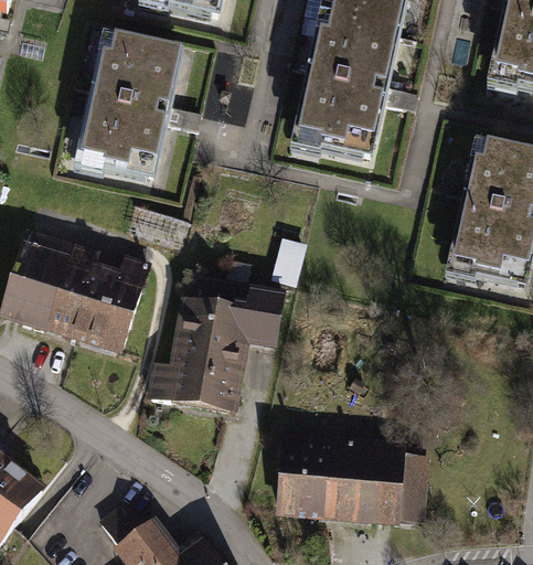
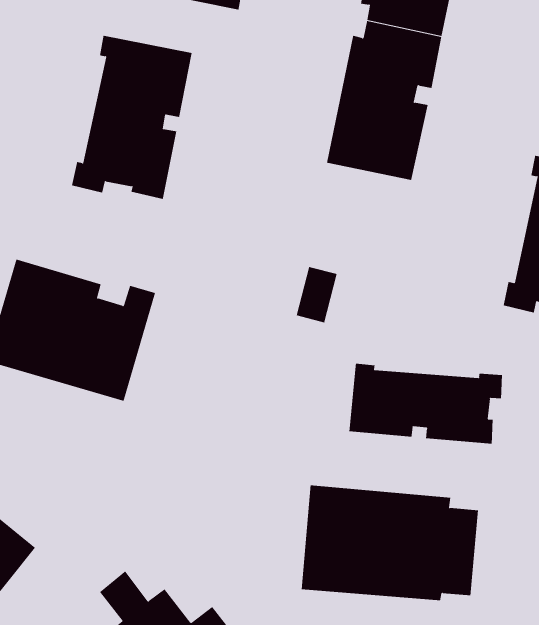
building: [148,273,281,414] -> none
building: none -> [349,363,503,445]

